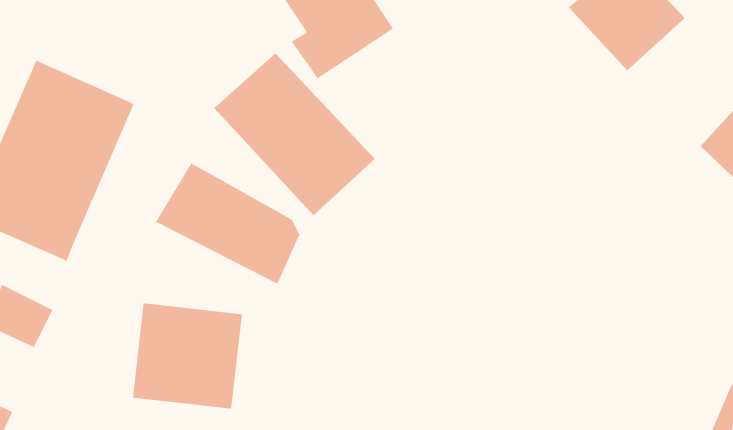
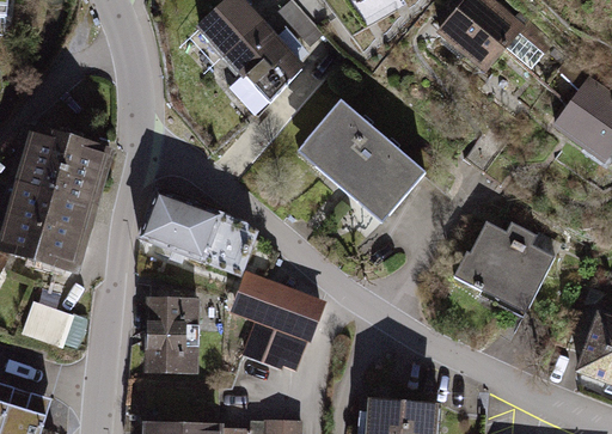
building: [214,52,375,216] -> [296,99,426,221]
building: none -> [457,221,559,314]
building: none -> [234,276,323,374]

